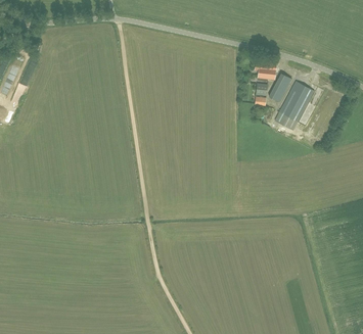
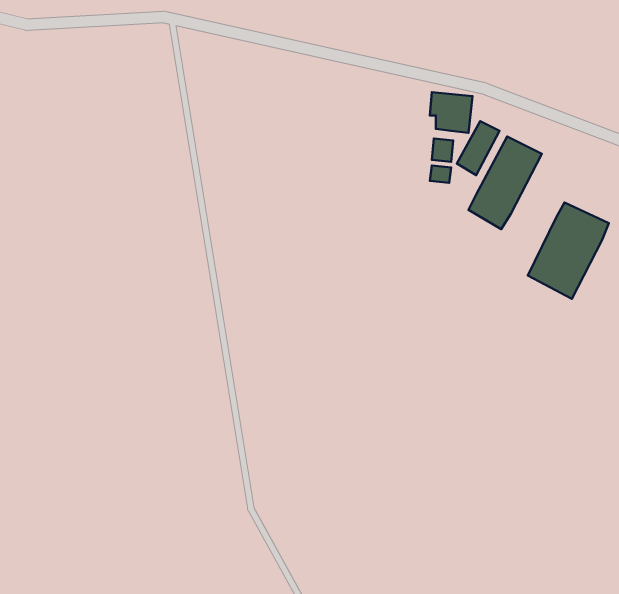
building: none -> [528,203,609,299]

